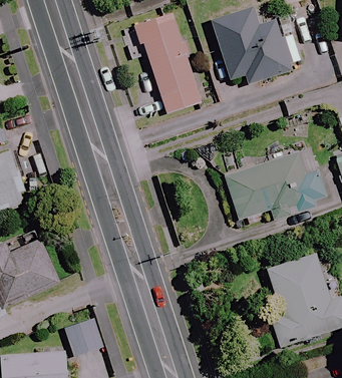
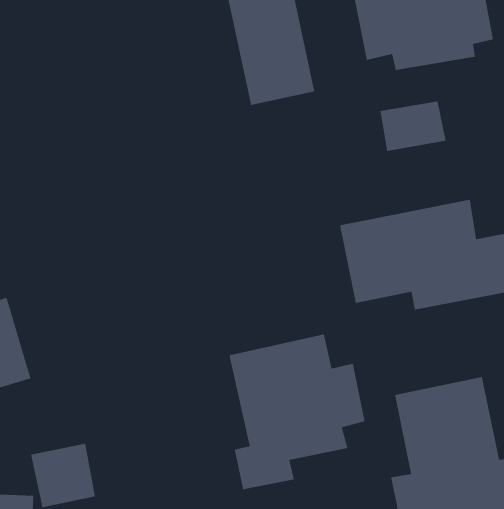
building: none -> [380,101,447,152]
building: none -> [228,334,366,490]

